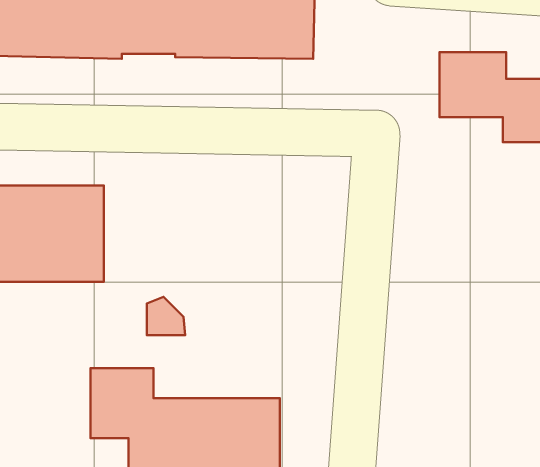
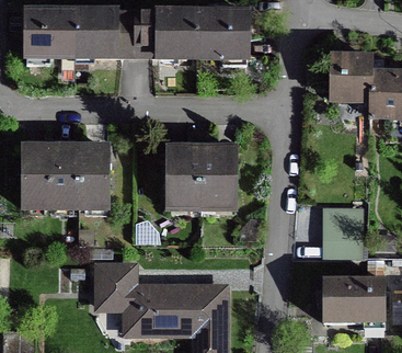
building: none -> [169,145,234,207]
building: none -> [323,205,364,259]
building: none -> [322,277,387,323]

